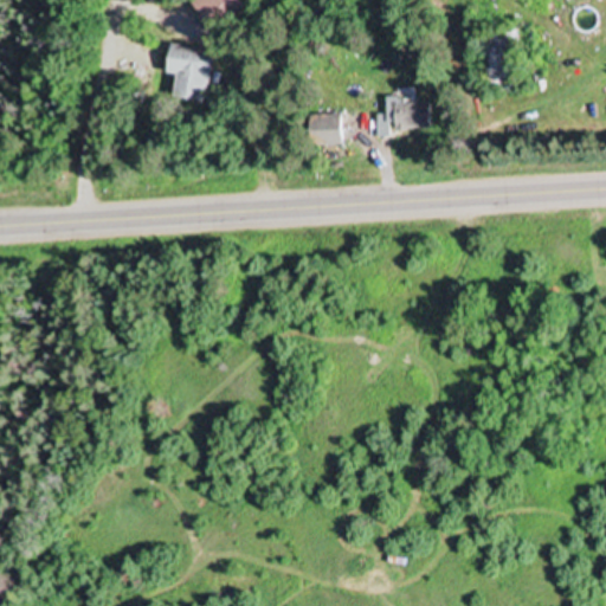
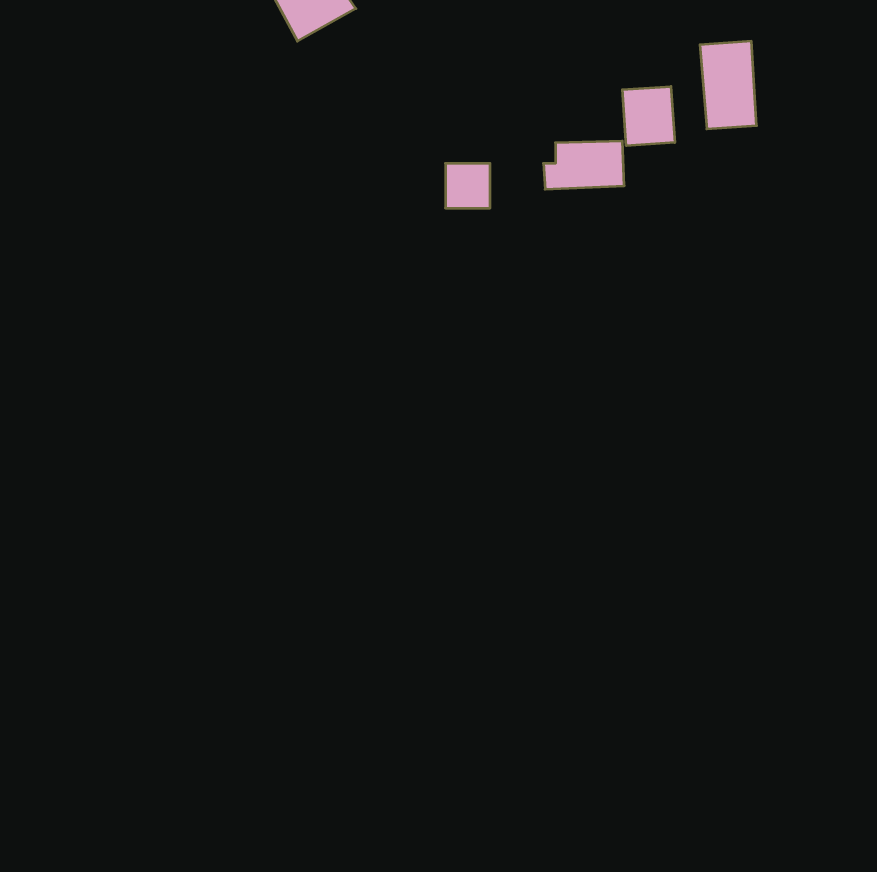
building: [163,41,212,101] -> none
building: none -> [622,86,675,146]

